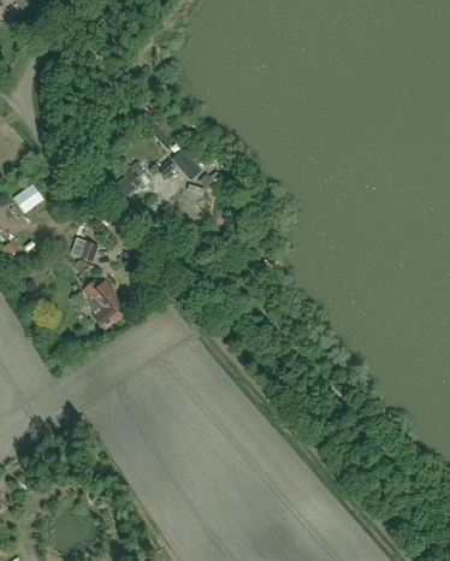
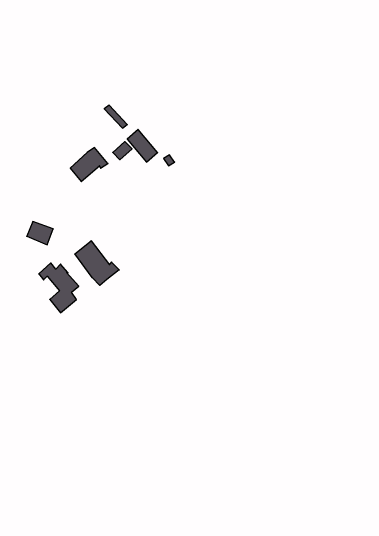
building: none -> [75,241,119,285]

